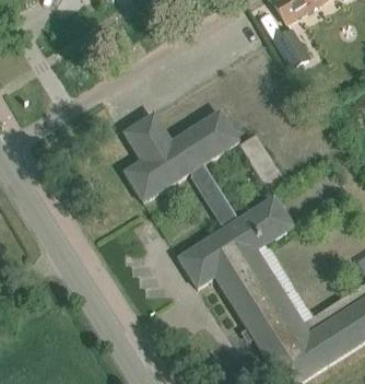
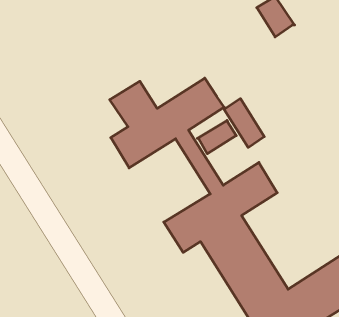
building: none -> [197,120,236,154]

